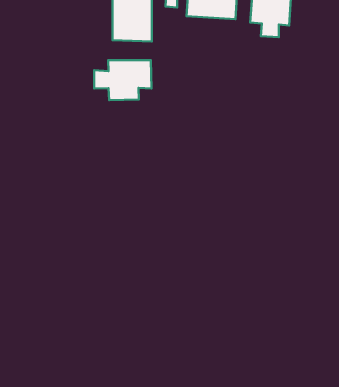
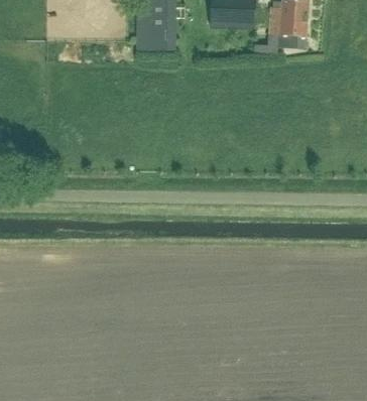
building: [94,60,152,100] -> none

